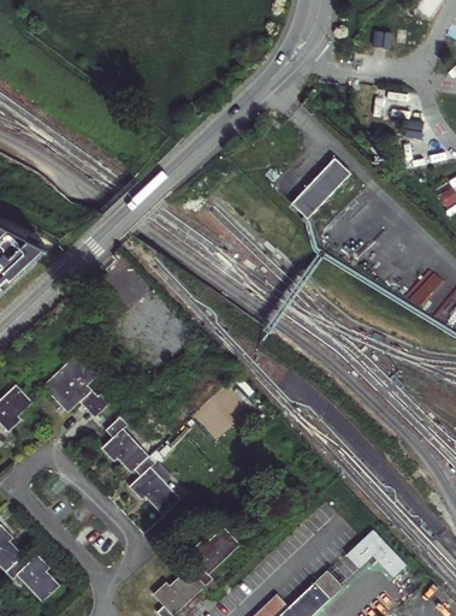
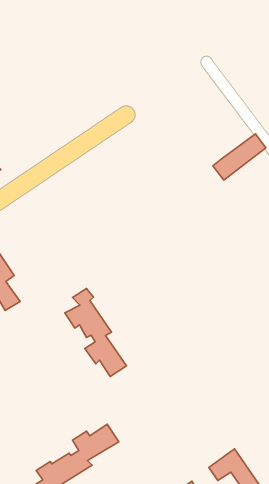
building: [90,413,172,510] -> [65,289,126,377]

